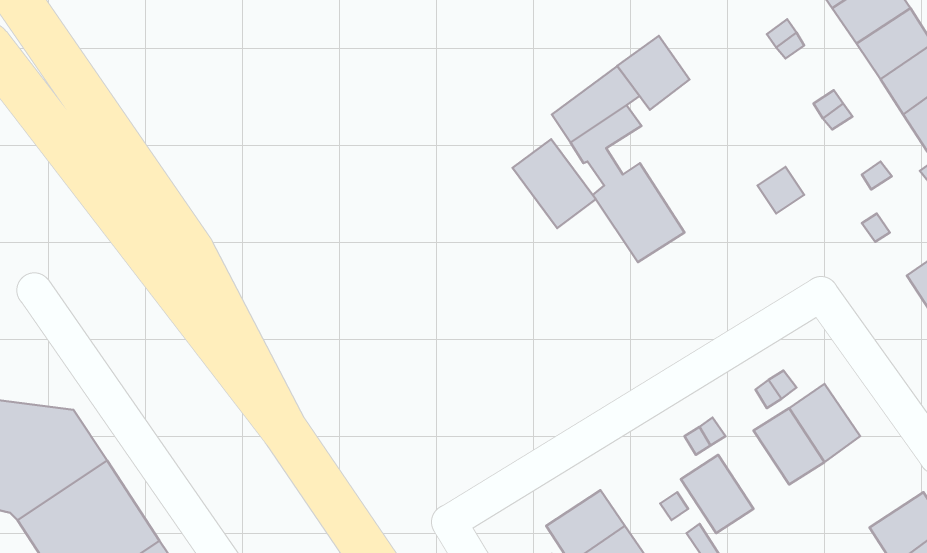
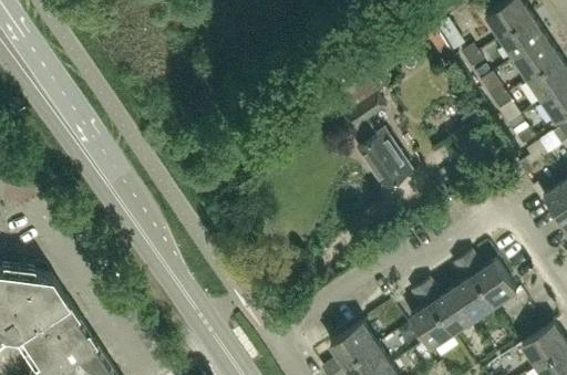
building: [617,36,690,110] -> none
building: [513,139,596,228] -> none
building: none -> [433,289,475,335]

